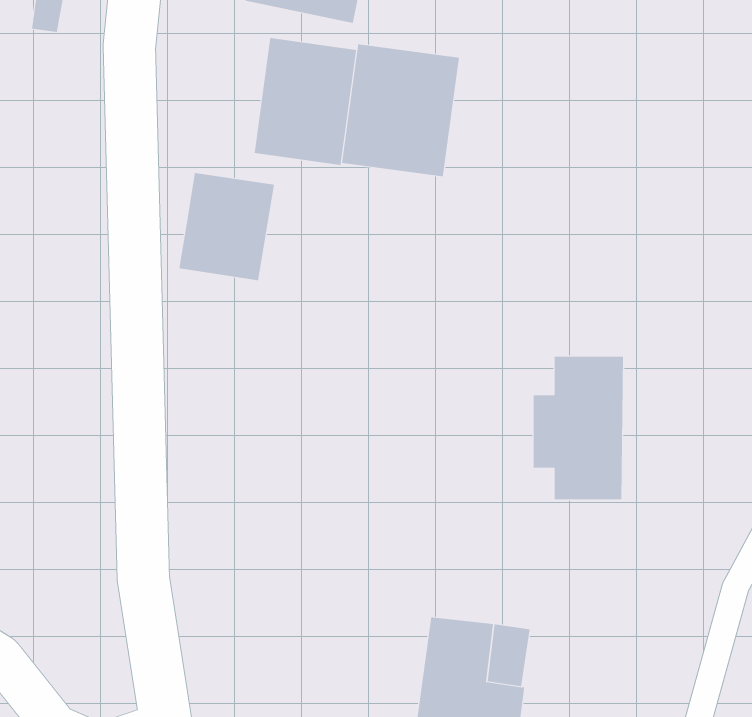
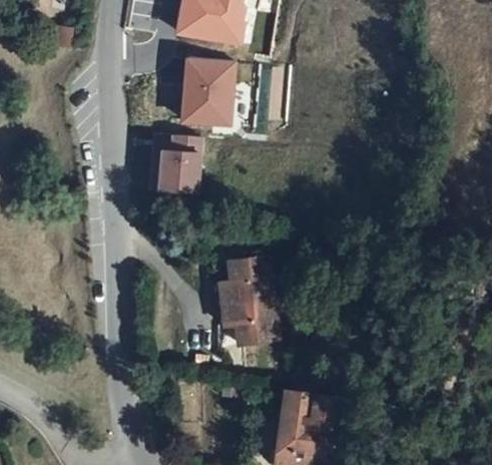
building: [342,44,460,177] -> none
building: [533,356,624,500] -> [221,258,274,340]

